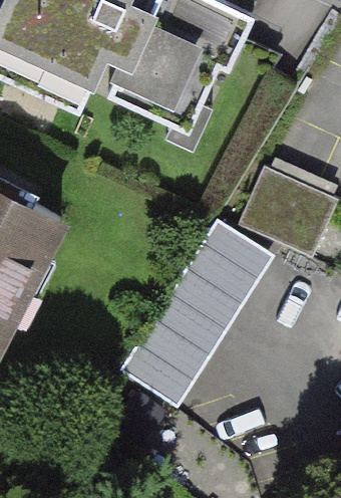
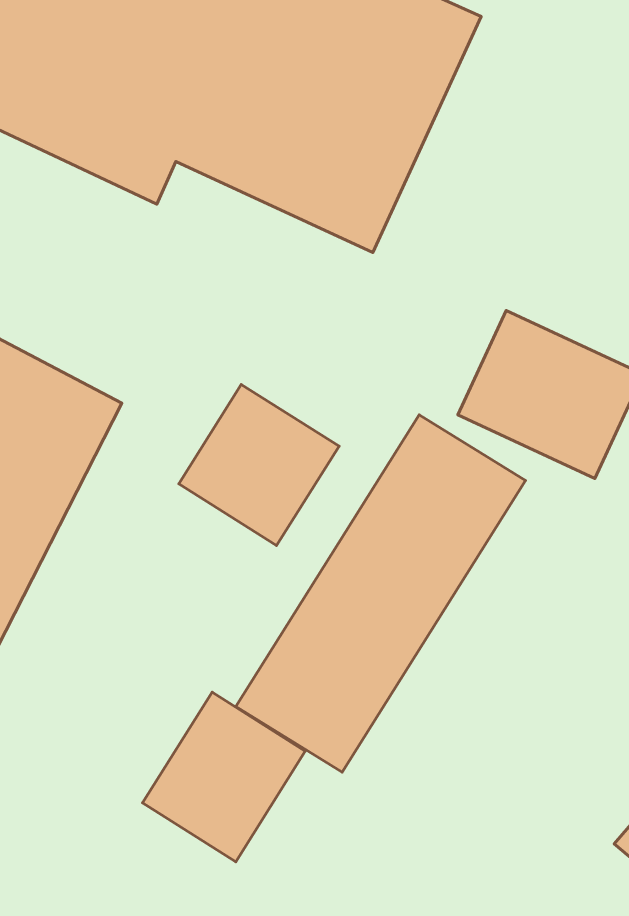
building: none -> [179,385,339,546]
building: none -> [143,692,305,862]

